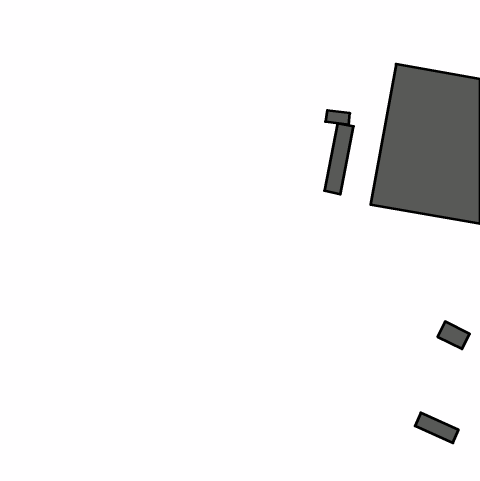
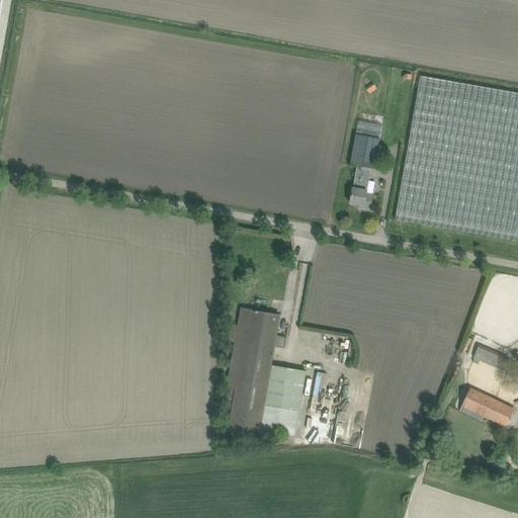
building: none -> [226,307,304,434]
building: [415,413,458,443] -> [463,390,510,422]

